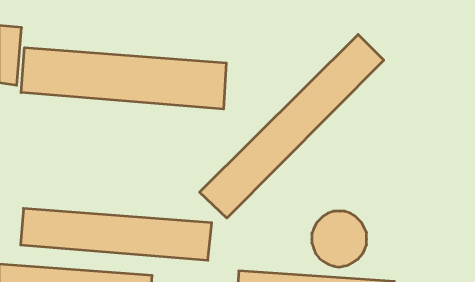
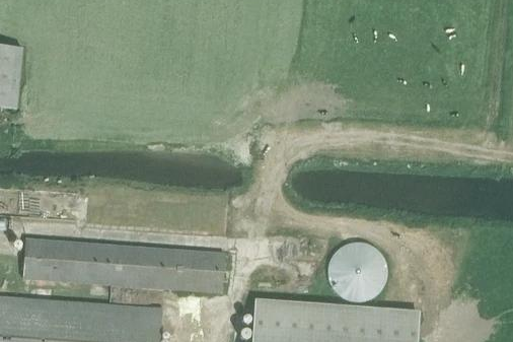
building: [200,34,384,218] -> none
building: [21,48,226,109] -> none

